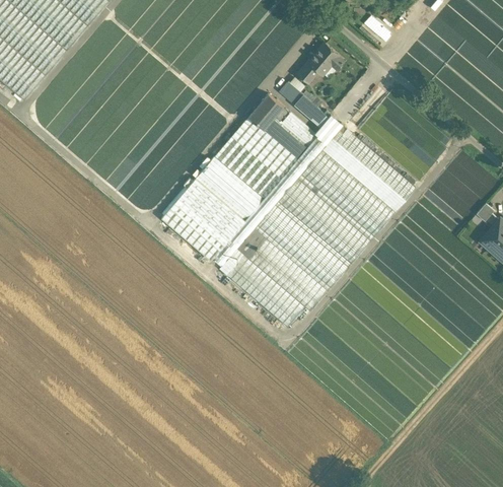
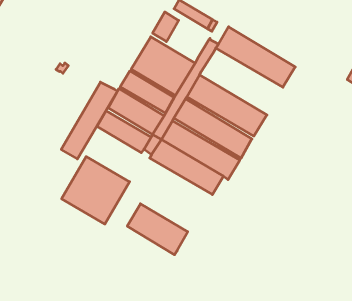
building: [262,106,314,156] -> none
building: [297,150,390,235] -> none
building: none -> [61,82,117,159]
building: none -> [62,157,130,224]
building: none -> [127,204,188,255]

